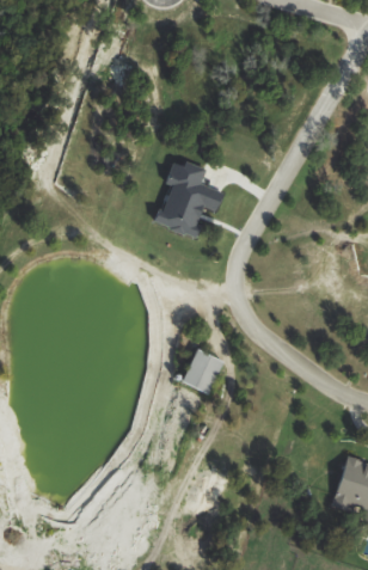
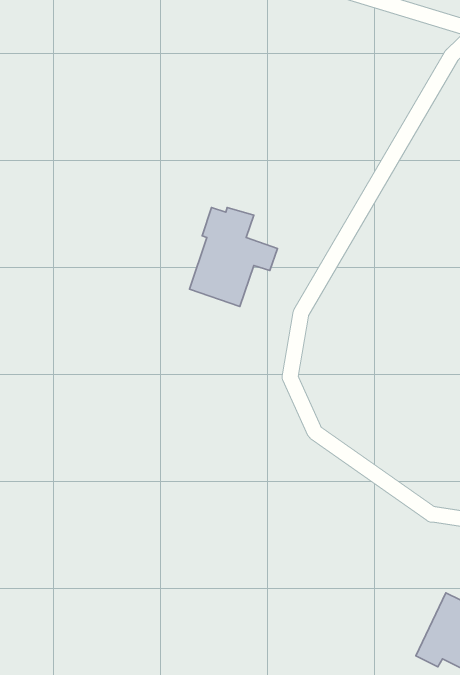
building: [183,349,222,393] -> none

